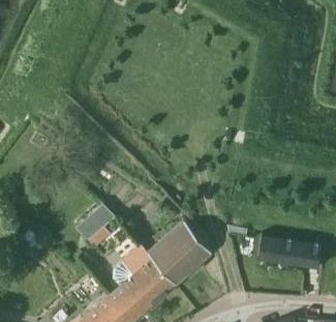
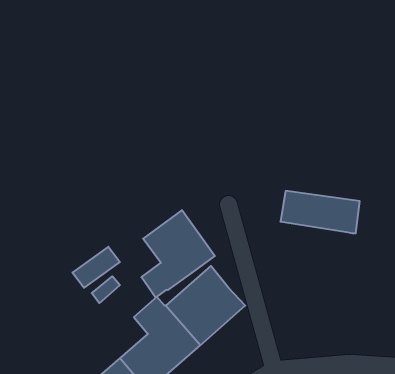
building: none -> [141,210,215,298]
building: [257,235,322,269] -> [280,191,360,233]

